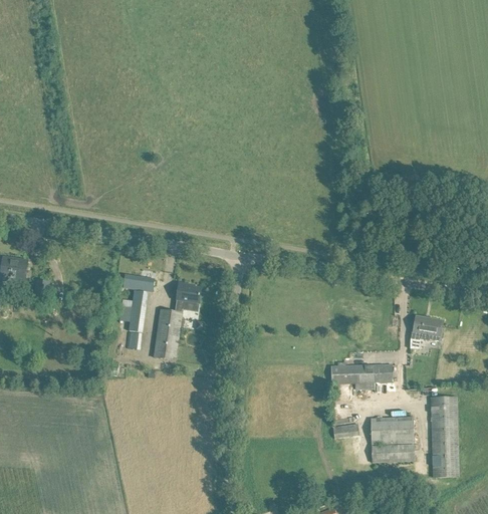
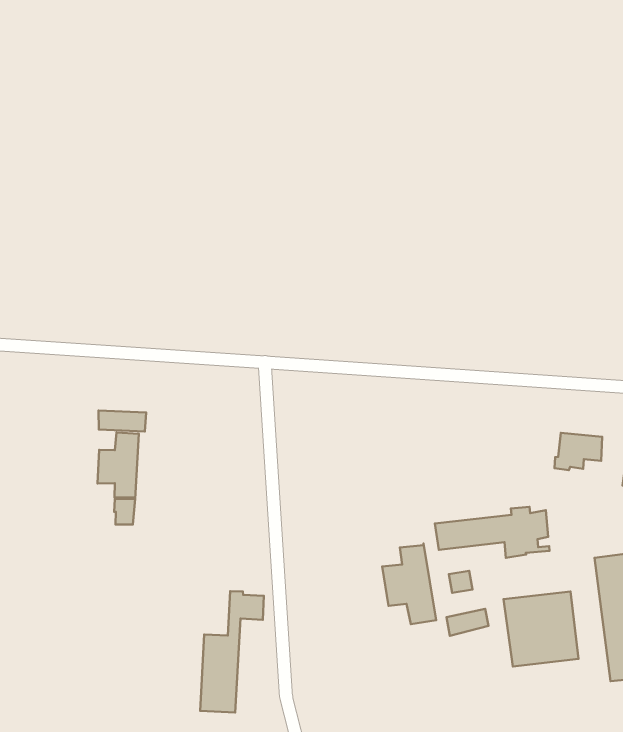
building: [153,282,200,359] -> [200,591,264,712]
building: none -> [382,543,436,624]

